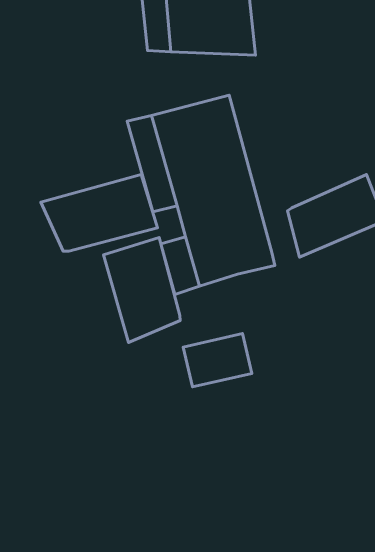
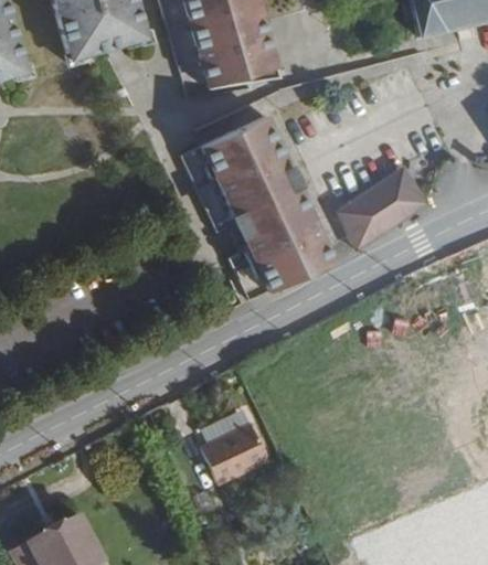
building: [41,174,158,251] -> none
building: [103,237,180,343] -> none
building: [183,334,252,387] -> [214,423,279,478]

